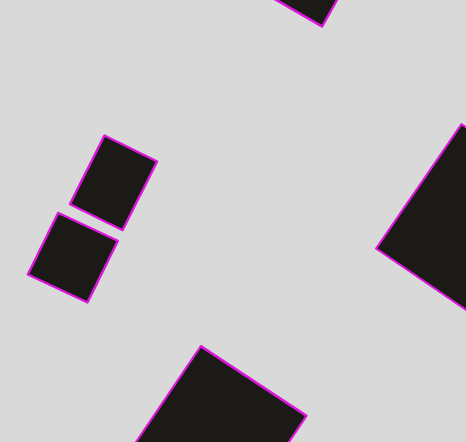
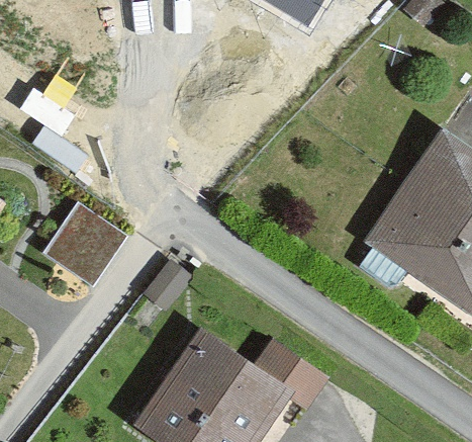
building: [70,136,157,230] -> none

